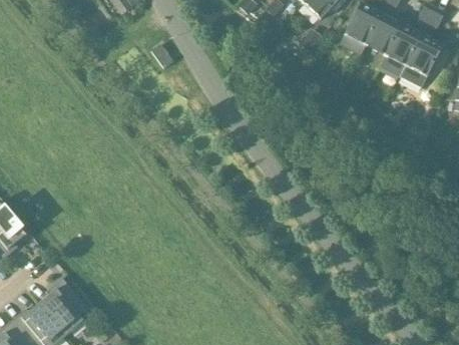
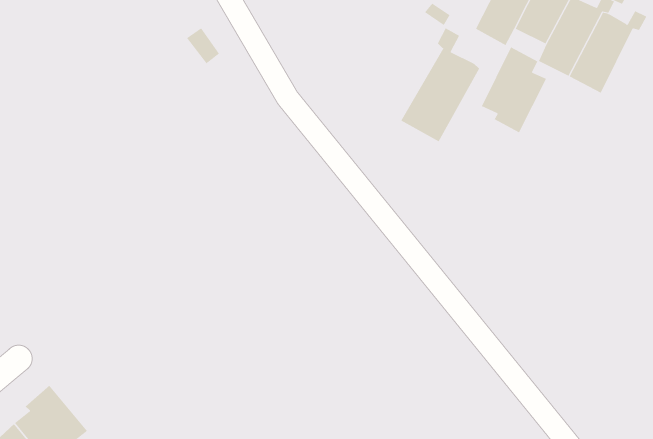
building: none -> [401,27,480,142]
building: none -> [481,46,547,133]

